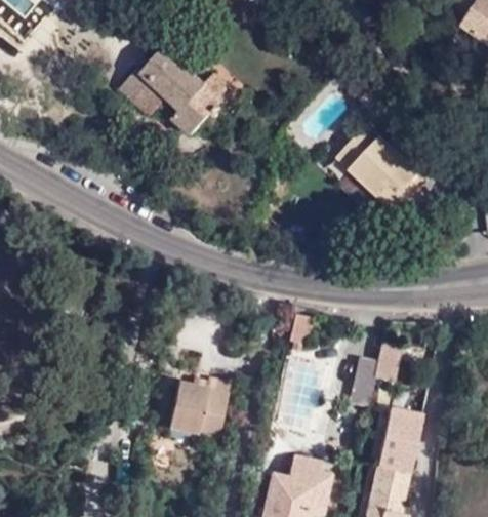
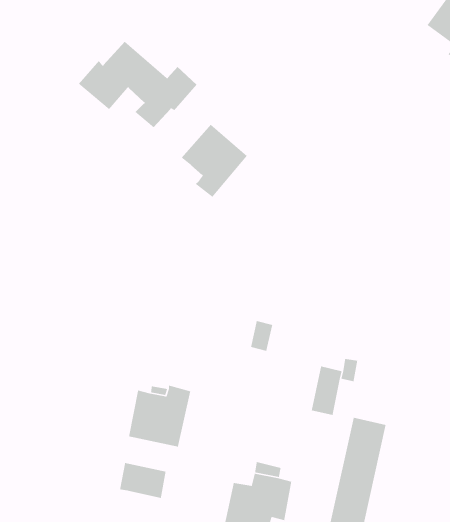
building: none -> [181,124,248,198]
building: [336,128,420,210] -> none
building: none -> [119,462,167,499]

